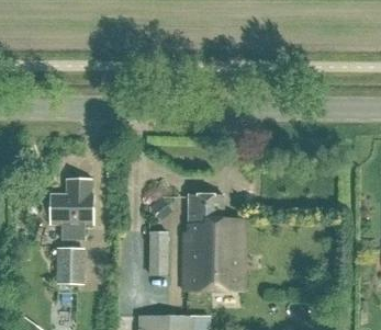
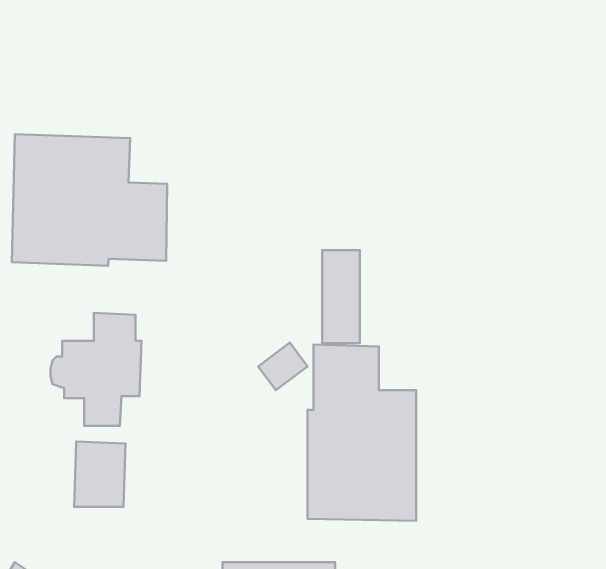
building: none -> [12,134,167,266]
building: [147,232,168,284] -> [322,250,360,343]

